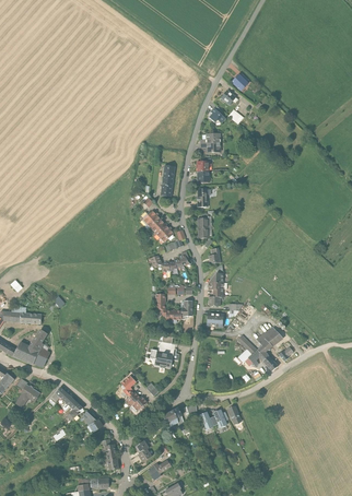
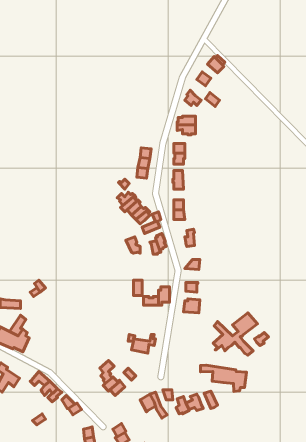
building: none -> [200,365,246,391]

